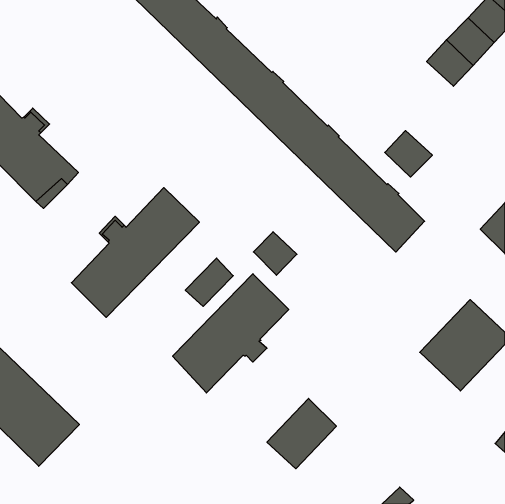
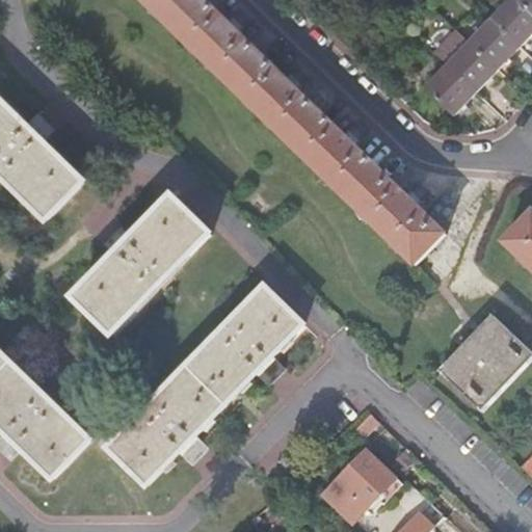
building: [385,131,432,177] -> [425,64,475,113]
building: [253,232,297,275] -> none
building: [185,258,233,306] -> none
building: none -> [109,373,216,483]
building: [267,398,336,469] -> [321,447,394,521]

